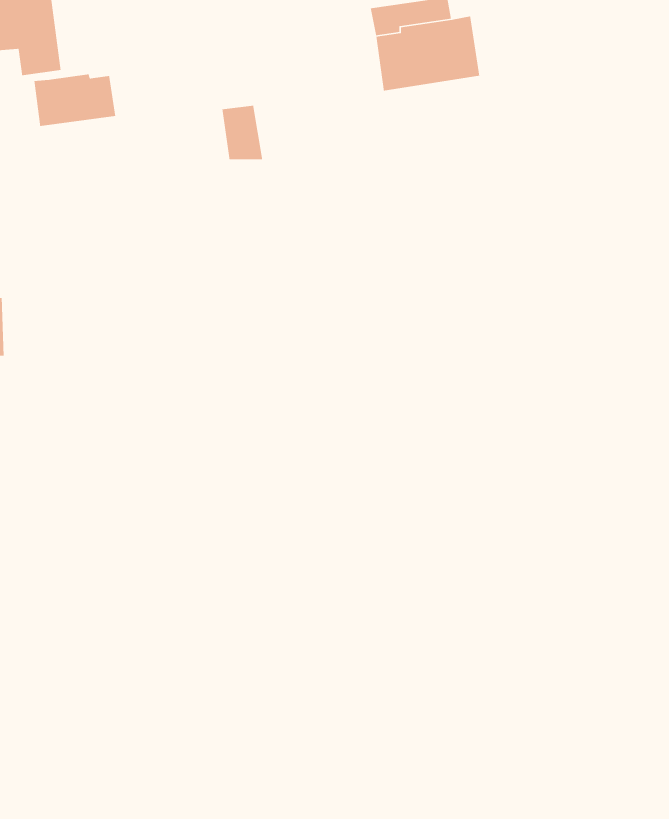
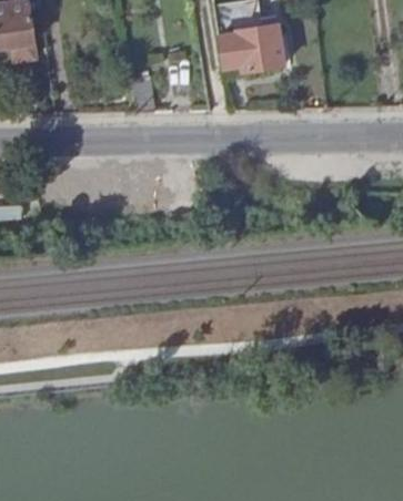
building: [34,74,116,127] -> none

